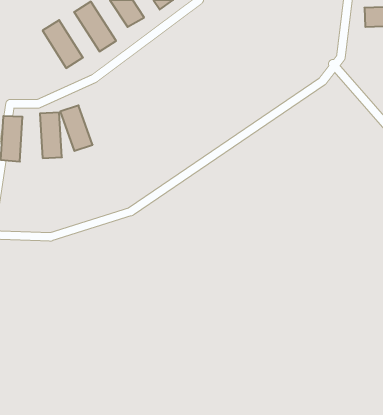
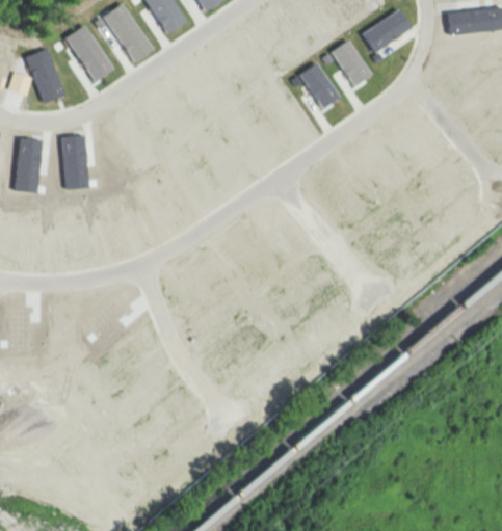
building: none -> [362,10,412,52]
building: none -> [331,39,372,86]
building: none -> [299,62,340,109]
building: [60,105,93,151] -> [26,49,64,103]

